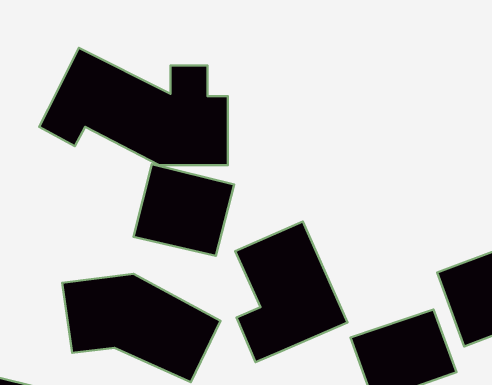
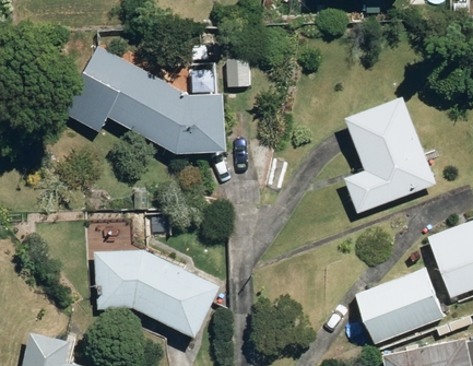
building: [133,164,234,256] -> none
building: [235,222,347,362] -> [329,102,425,222]

